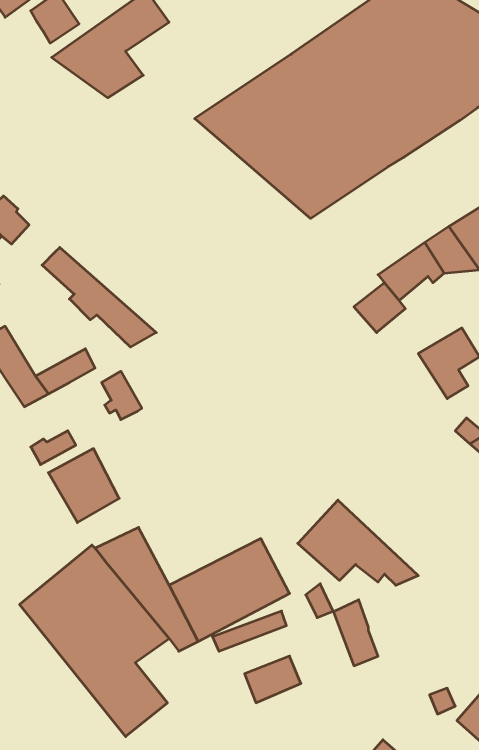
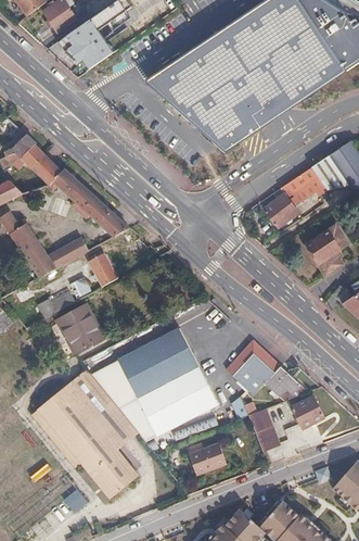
building: none -> [31,154,61,185]
building: none -> [117,327,200,398]
building: none -> [290,395,323,427]

